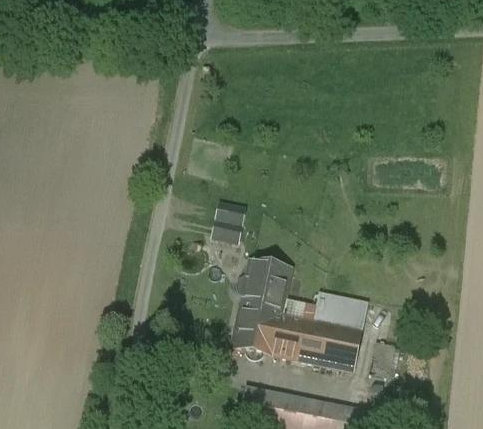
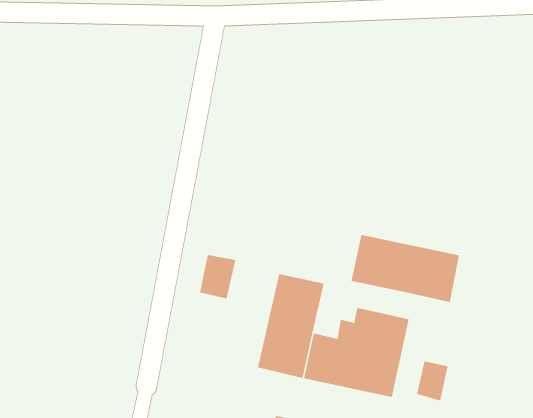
building: [212,202,245,242] -> [199,254,236,299]
building: none -> [351,234,460,303]

